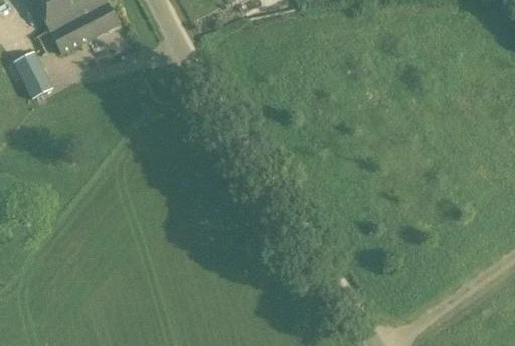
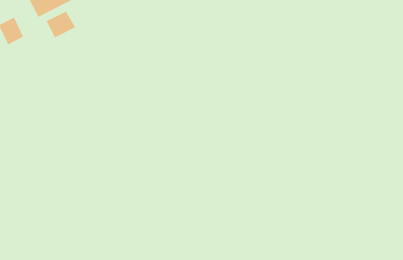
building: none -> [46,11,76,38]

